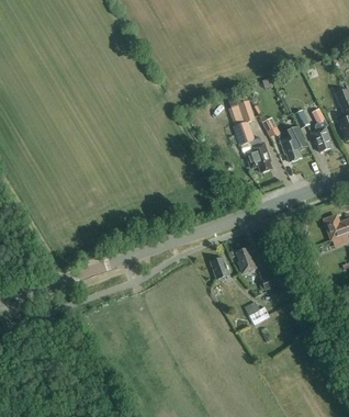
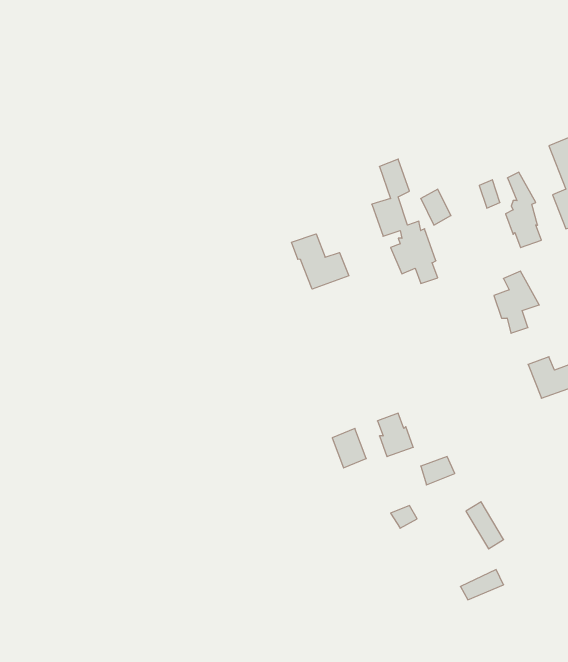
building: [280,126,306,162] -> [494,271,539,333]
building: none -> [291,234,349,289]

